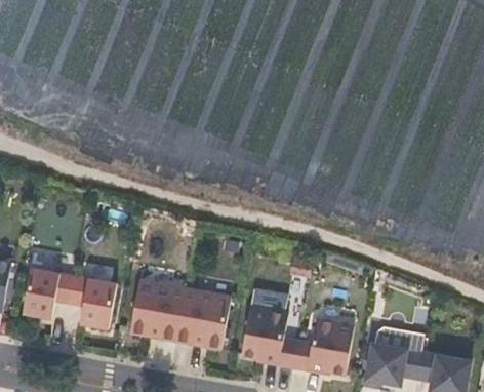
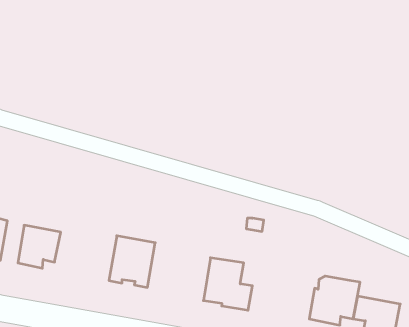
building: [67,276,117,328] -> none
building: [175,288,230,349] -> none
building: [293,317,354,373] -> none

